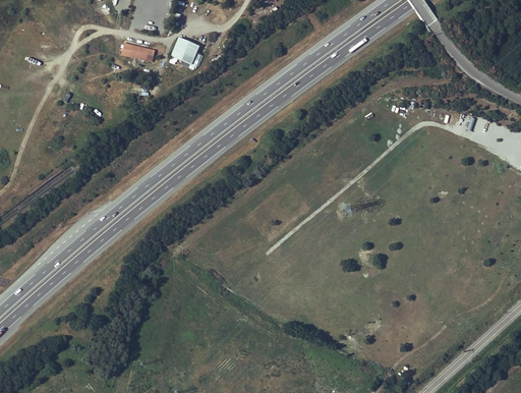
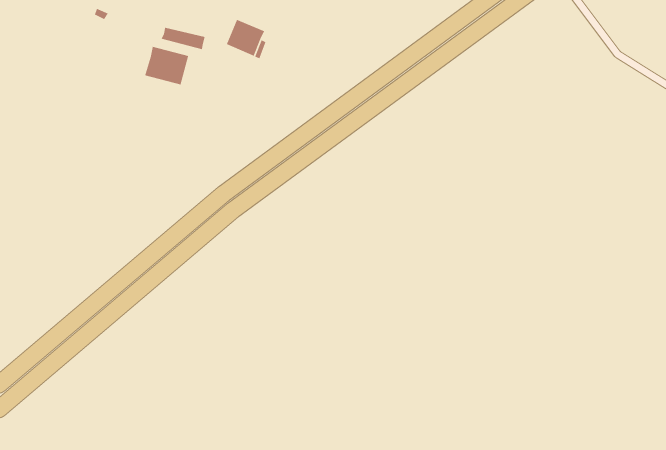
building: none -> [144,46,189,85]

